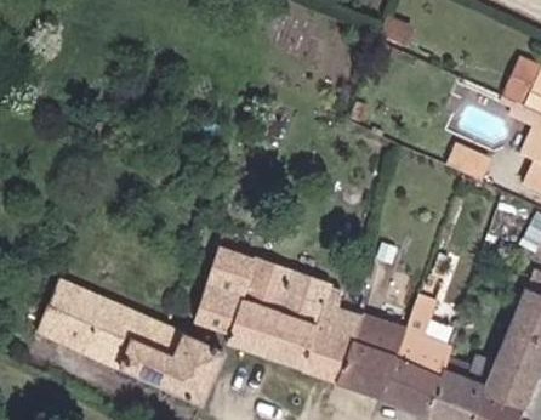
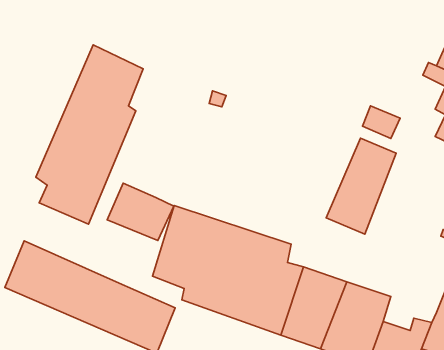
building: none -> [36,45,143,224]
building: none -> [326,138,396,234]
building: none -> [107,183,174,241]

